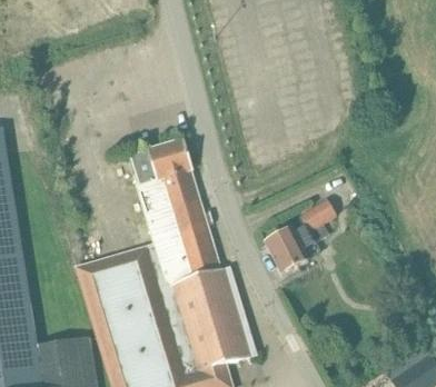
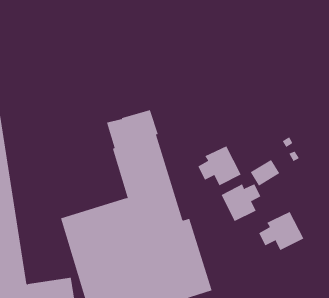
building: none -> [198,145,242,186]
building: none -> [258,211,304,251]

